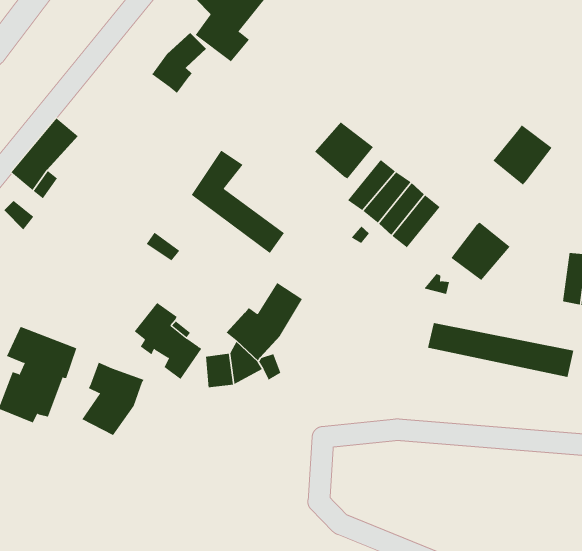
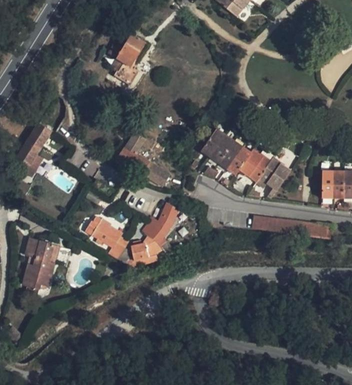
building: [151,32,207,94] -> none
building: [314,122,374,179] -> none
building: [492,125,553,186] -> [239,149,271,182]
building: [82,362,144,436] -> none

